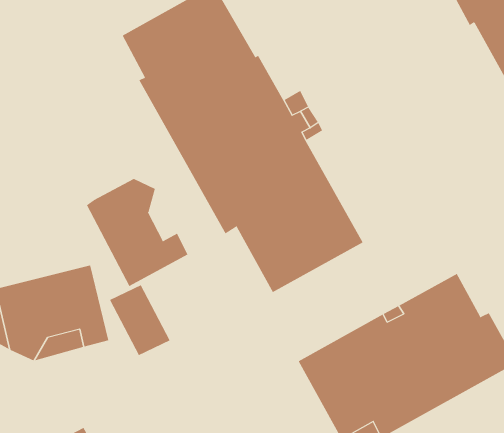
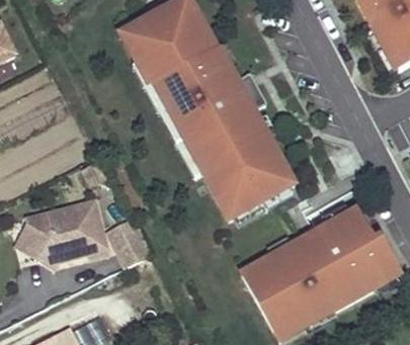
building: [86,178,188,287] -> none

